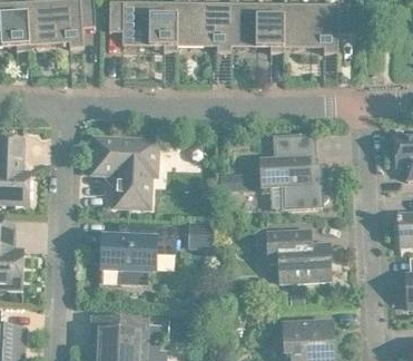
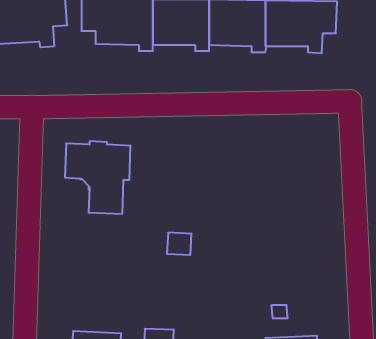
building: [260,135,328,208] -> none
building: [104,225,176,284] -> none
building: [267,230,331,282] -> none

